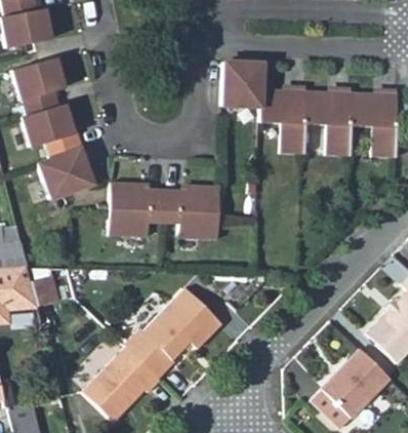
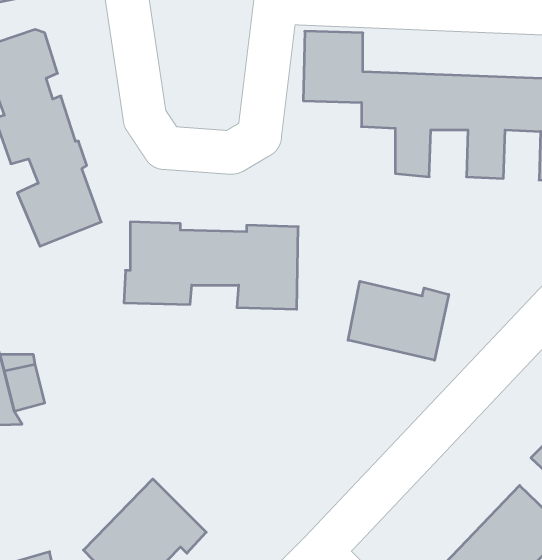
building: none -> [348,281,449,360]
building: [124,287,220,378] -> none

